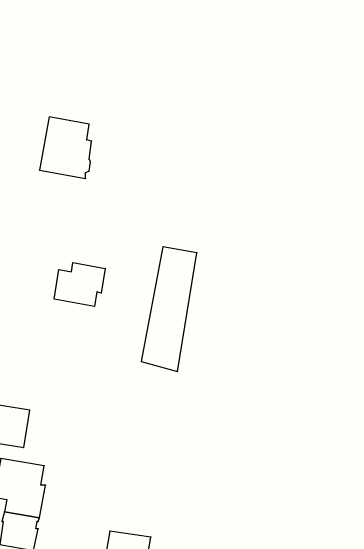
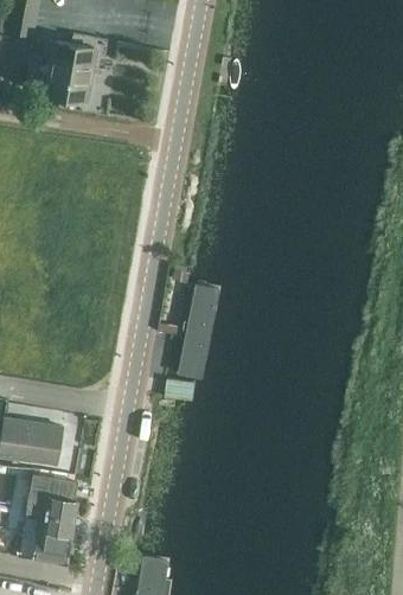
building: [39,117,92,179] -> [39,43,90,103]
building: [54,263,105,306] -> none

